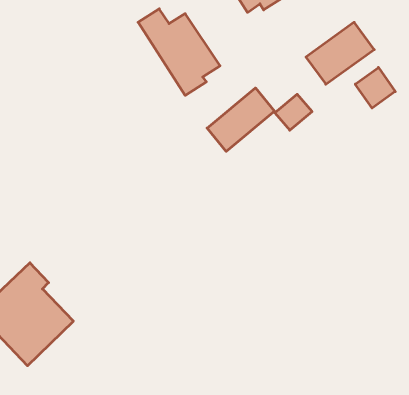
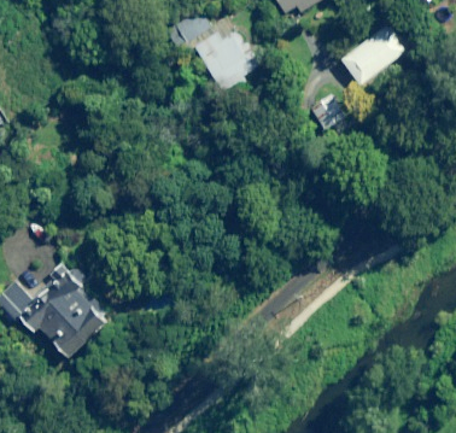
building: [355,67,395,108] -> none
building: [207,88,275,151] -> none

